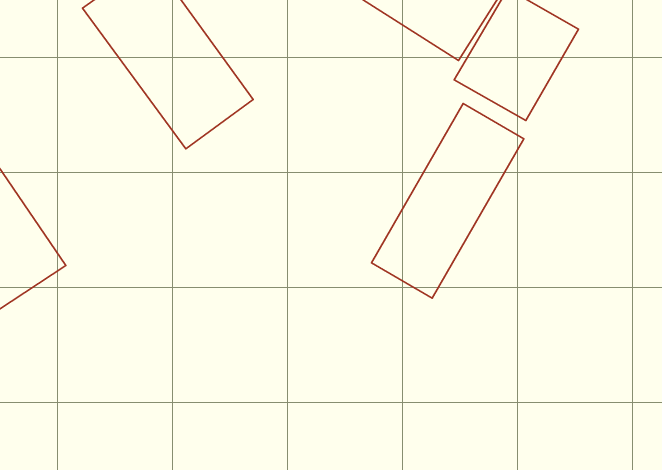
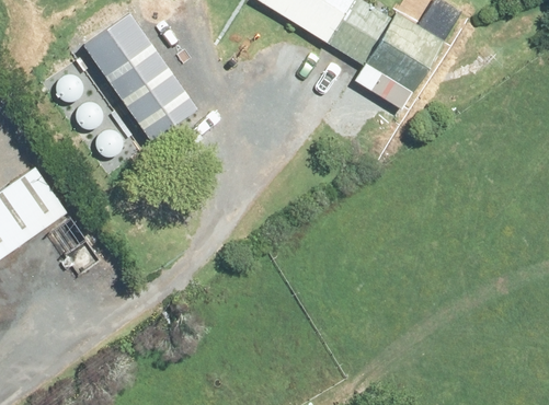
building: [372,103,524,298] -> none

